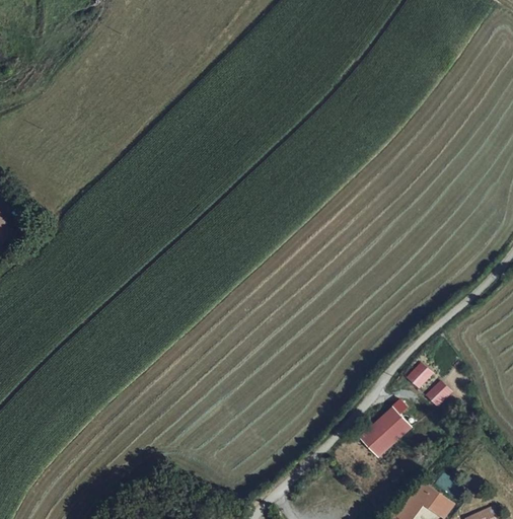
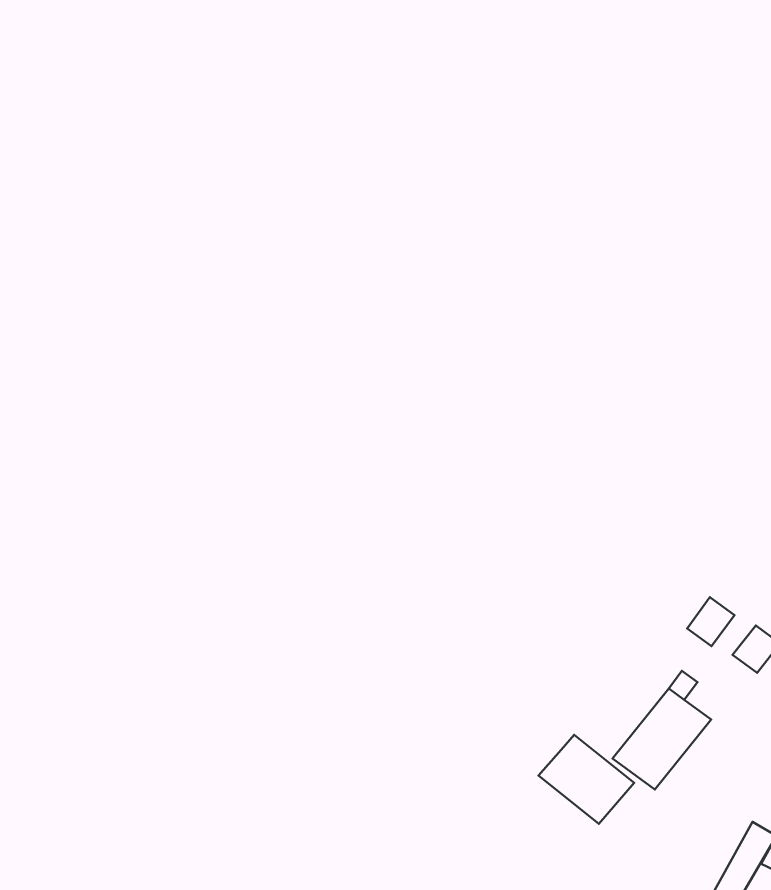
building: none -> [539,735,634,824]

